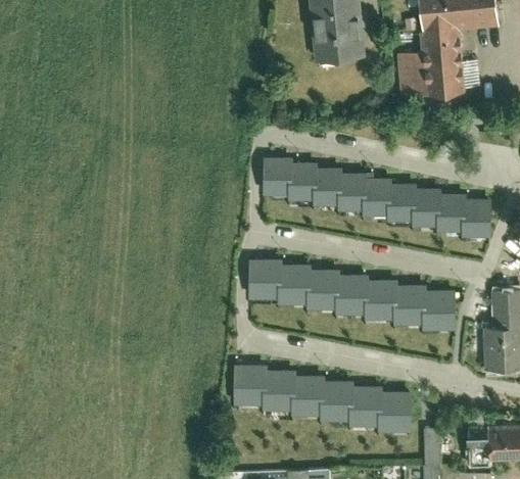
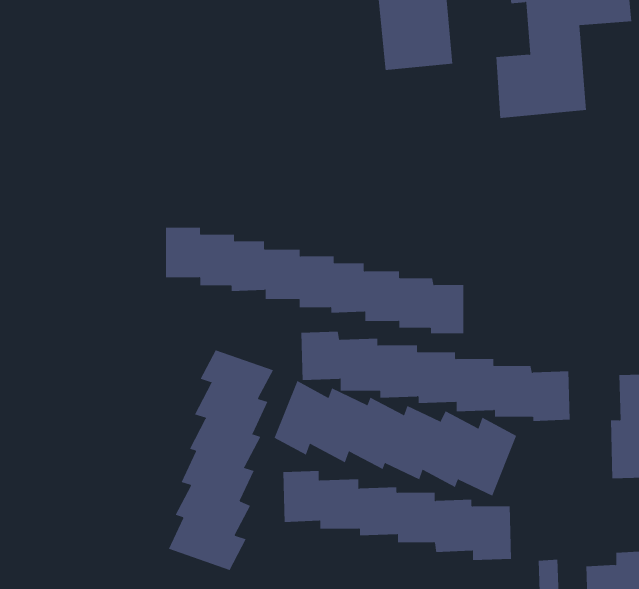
building: [264,158,487,238] -> [165,227,464,334]
building: none -> [168,349,274,571]
building: none -> [274,380,517,496]

